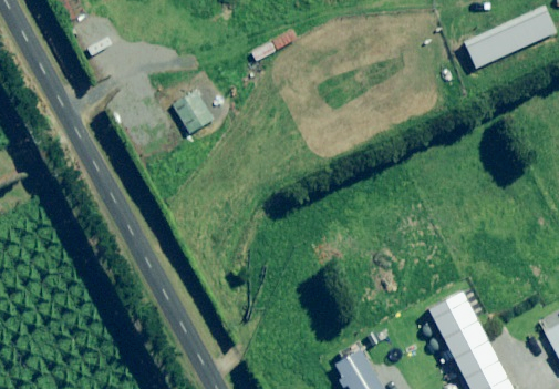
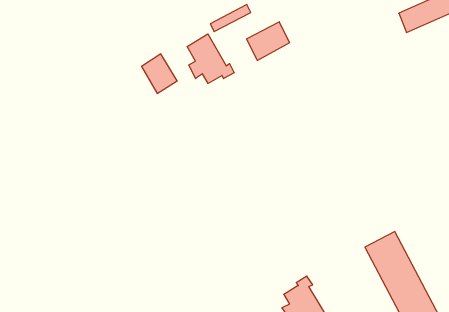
building: none -> [247,22,289,60]
building: none -> [187,34,234,83]

